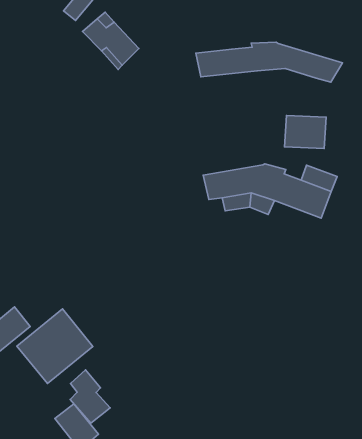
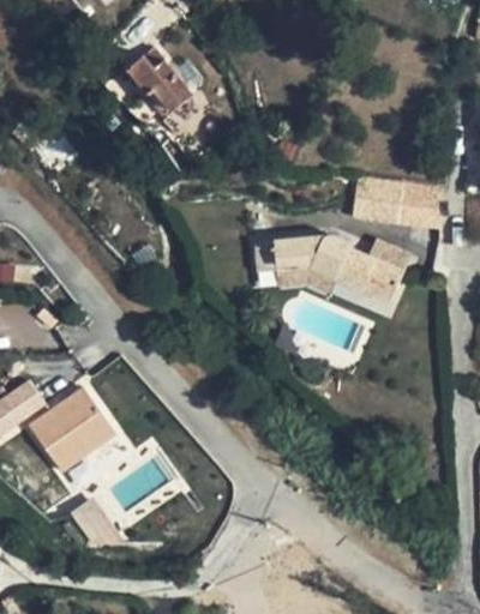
building: [196,42,343,82] -> none
building: none -> [397,186,434,227]
building: [70,370,110,423] -> none

